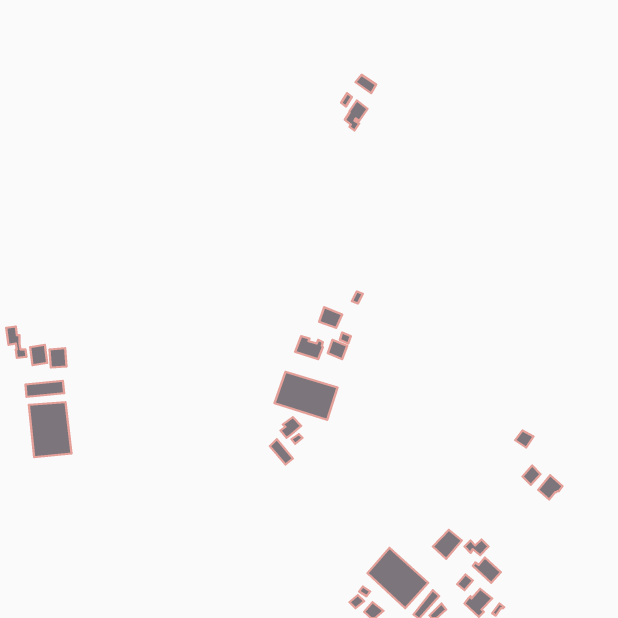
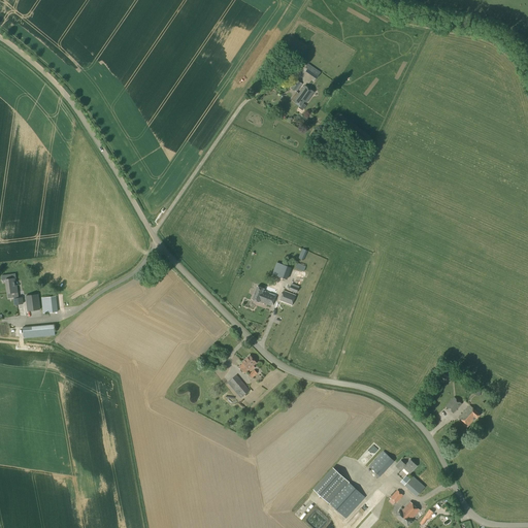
building: [274,372,338,420] -> none
building: [29,402,71,457] -> none

